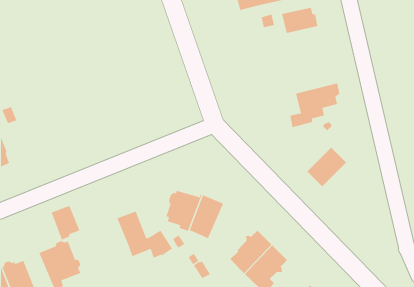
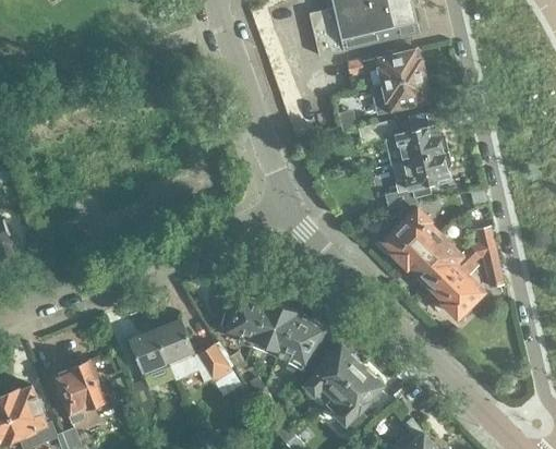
building: none -> [370,75,427,116]
building: none -> [358,112,449,165]
building: none -> [384,209,440,268]
building: none -> [428,230,504,318]
building: none -> [277,311,325,372]
building: [51,205,80,240] -> [130,330,169,377]

